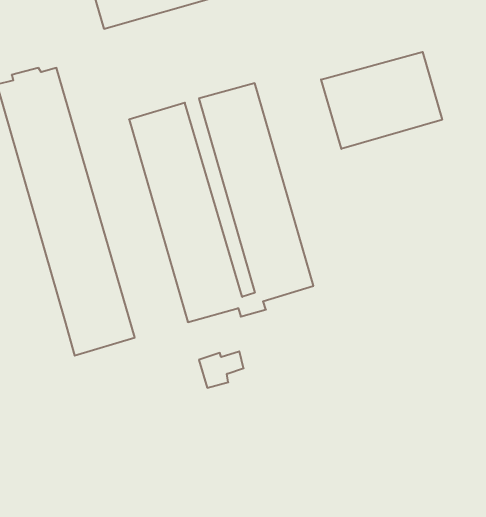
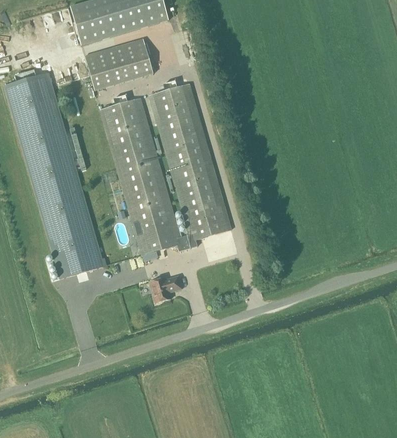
building: none -> [85,38,154,89]
building: [321,52,442,149] -> none

